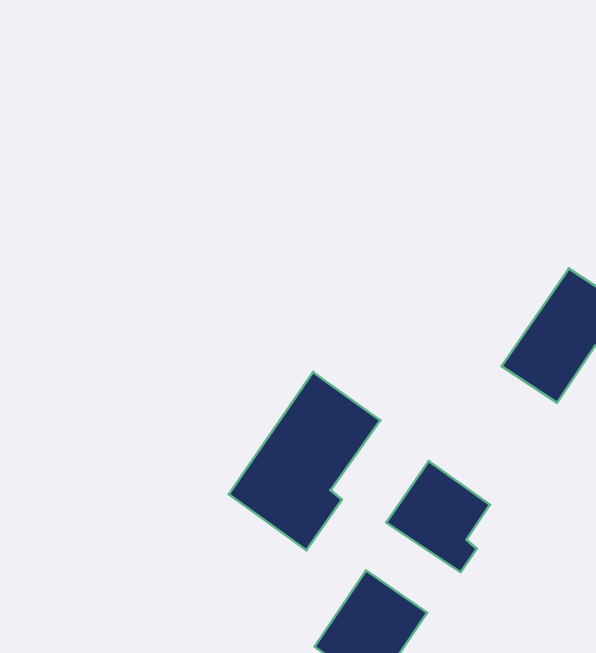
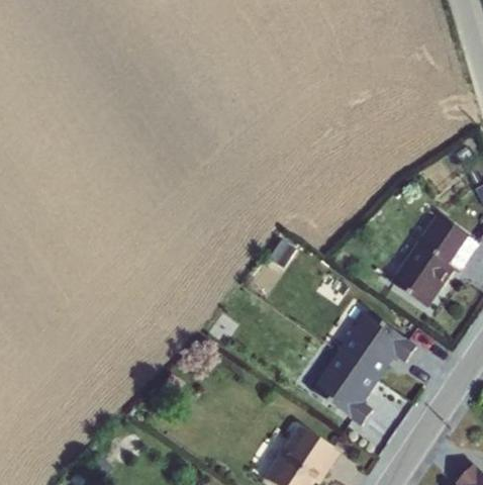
building: [229,372,380,550] -> none
building: none -> [340,309,417,378]

